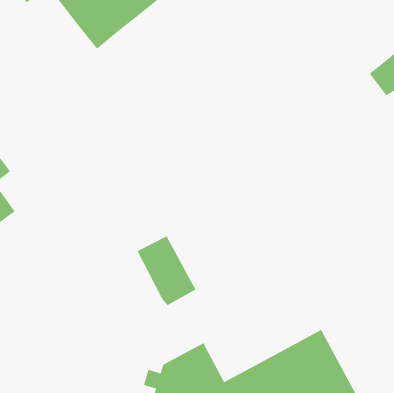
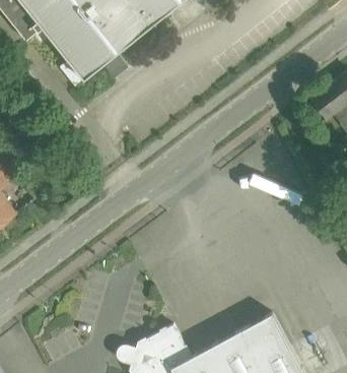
building: [137,235,196,306] -> none

